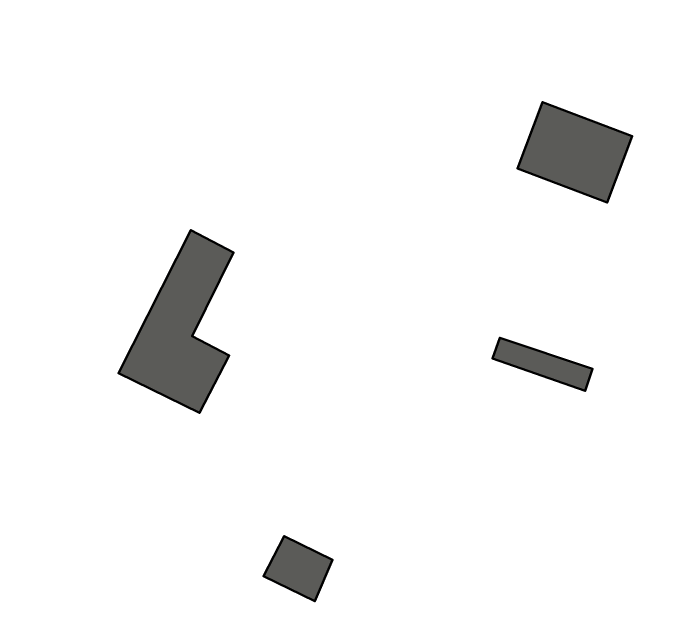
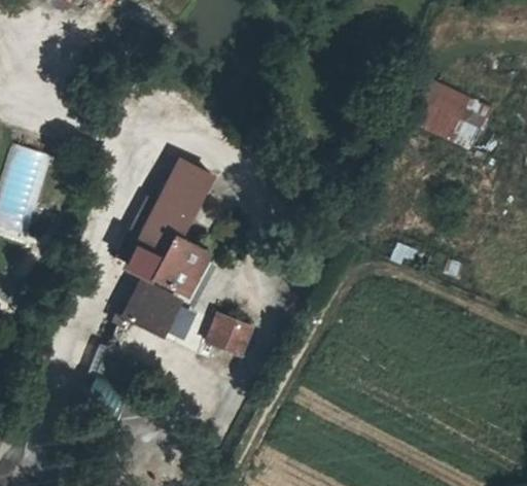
building: none -> [127,279,189,341]
building: [263,536,333,601] -> [204,312,252,357]

